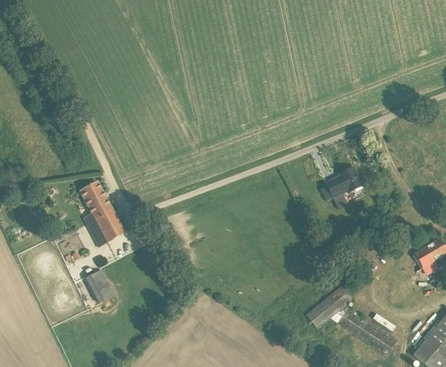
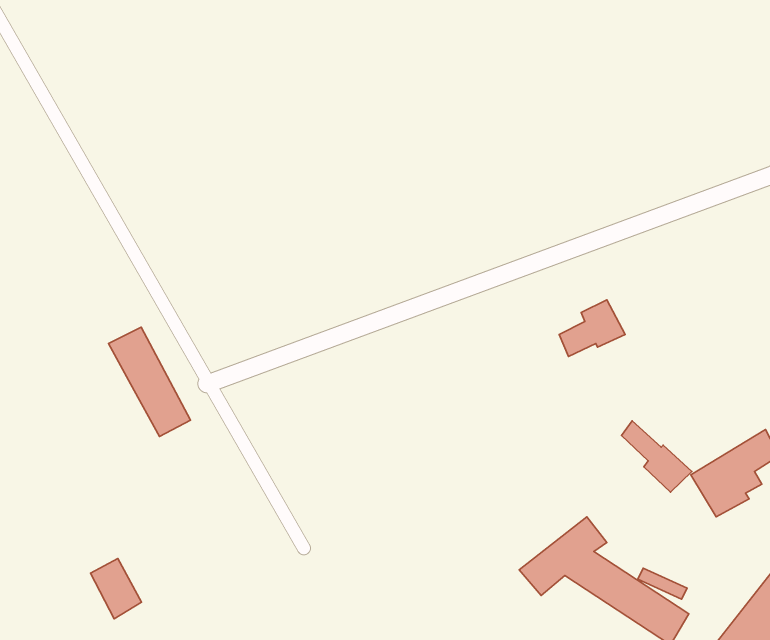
building: none -> [621,421,692,492]
building: [86,270,114,303] -> [90,558,142,619]

